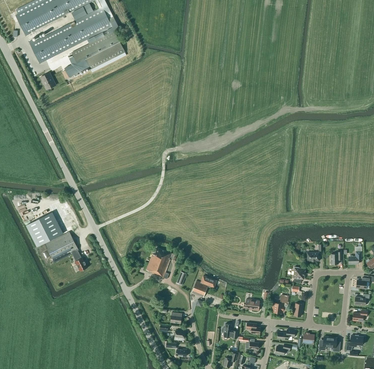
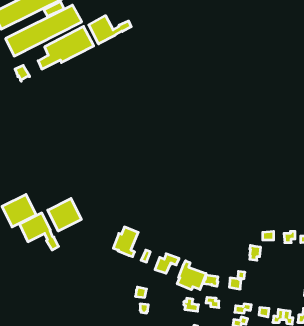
building: none -> [89,16,131,44]
building: none -> [48,198,81,231]
building: none -> [177,261,206,290]

